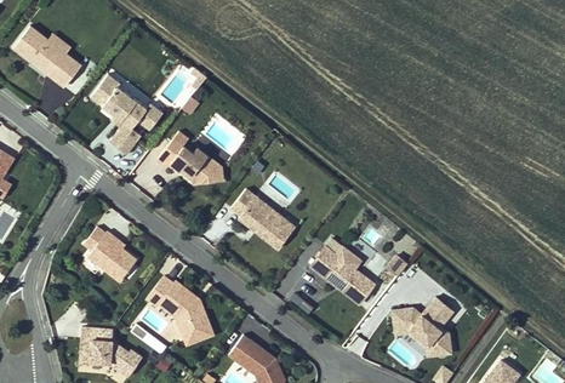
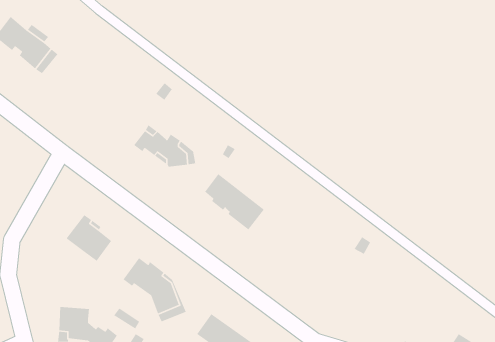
building: [91,74,147,154] -> none
building: [310,247,373,303] -> none
building: [388,299,451,356] -> none

